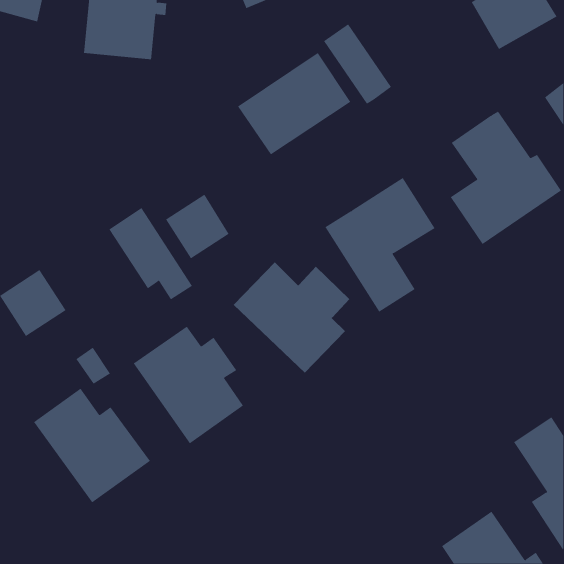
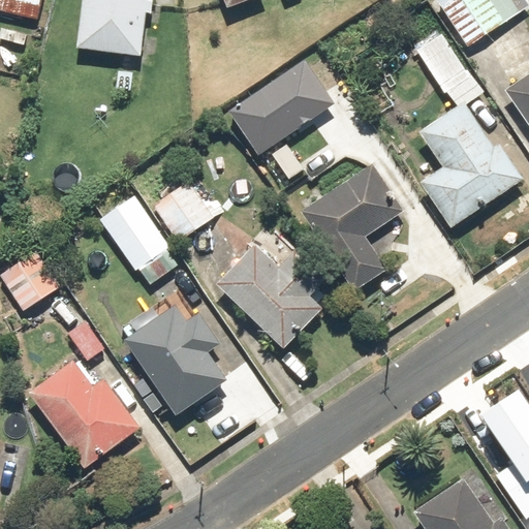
building: [323,24,392,104] -> [417,32,481,107]

